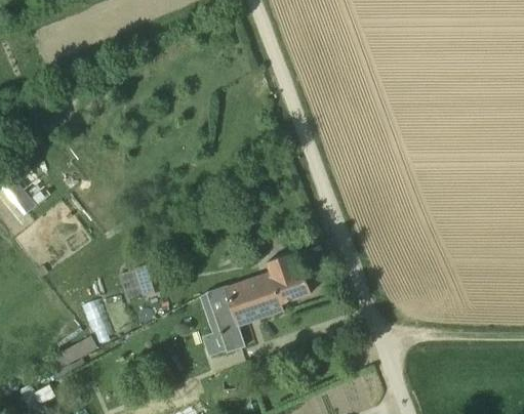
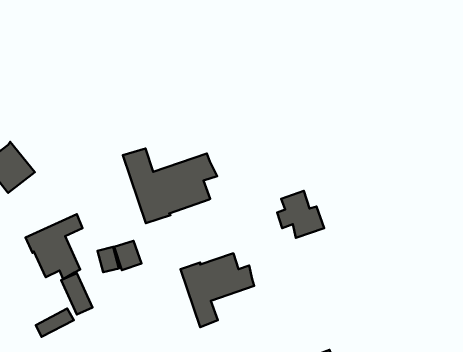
building: none -> [123,149,217,223]
building: none -> [26,214,83,279]
building: [256,256,306,305] -> [277,191,324,238]

